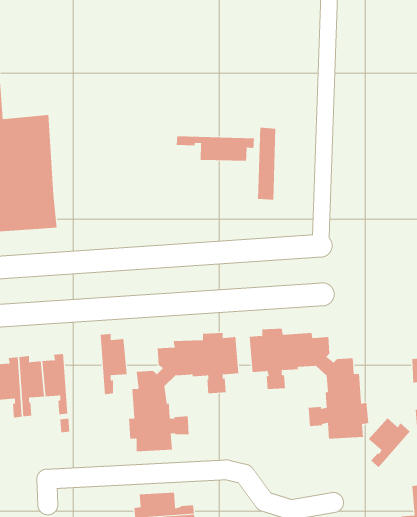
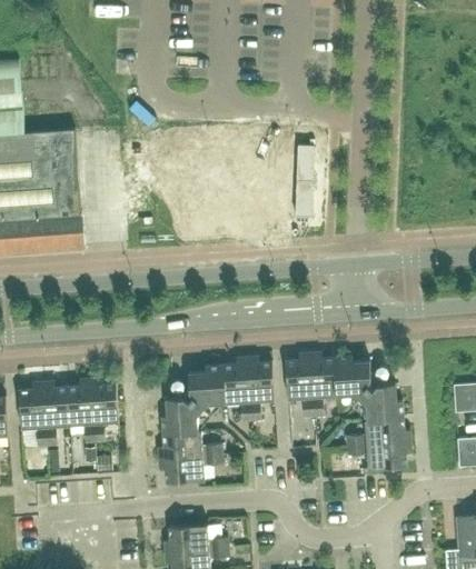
building: [176,136,255,161] -> none
building: [100,333,127,395] -> [90,379,119,443]
building: [368,418,411,468] -> none

